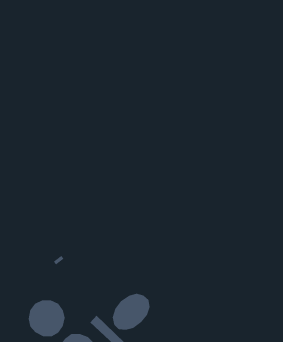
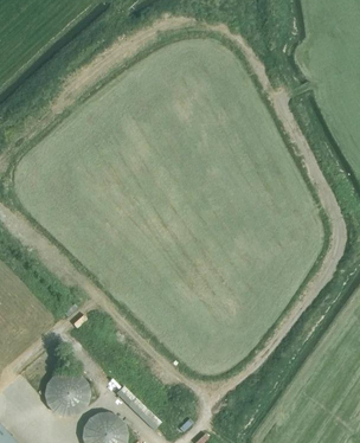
building: [112,293,150,331] -> none

